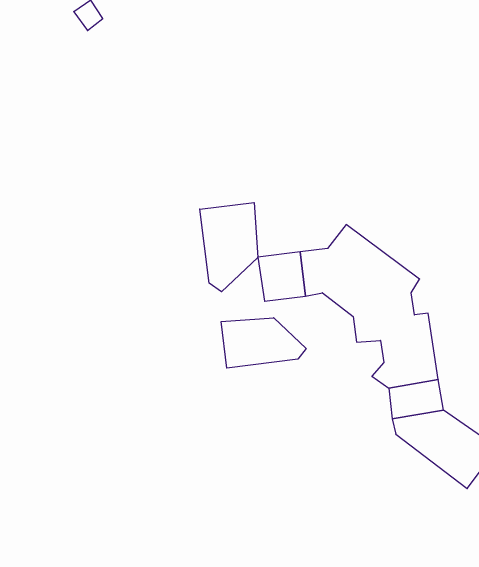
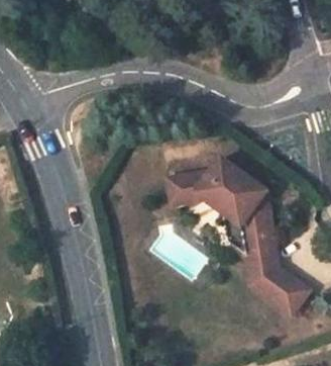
building: [200,203,258,292] -> none
building: [221,318,306,368] -> none

